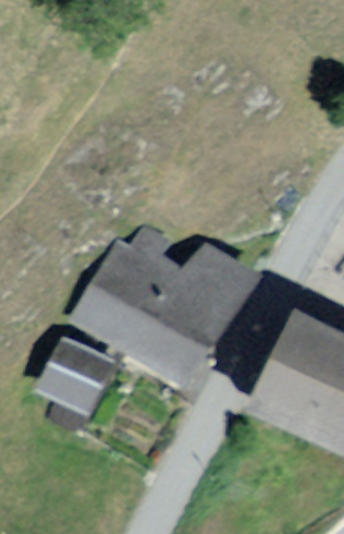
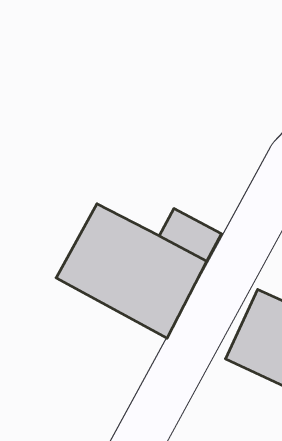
building: [38,336,116,414] -> none

